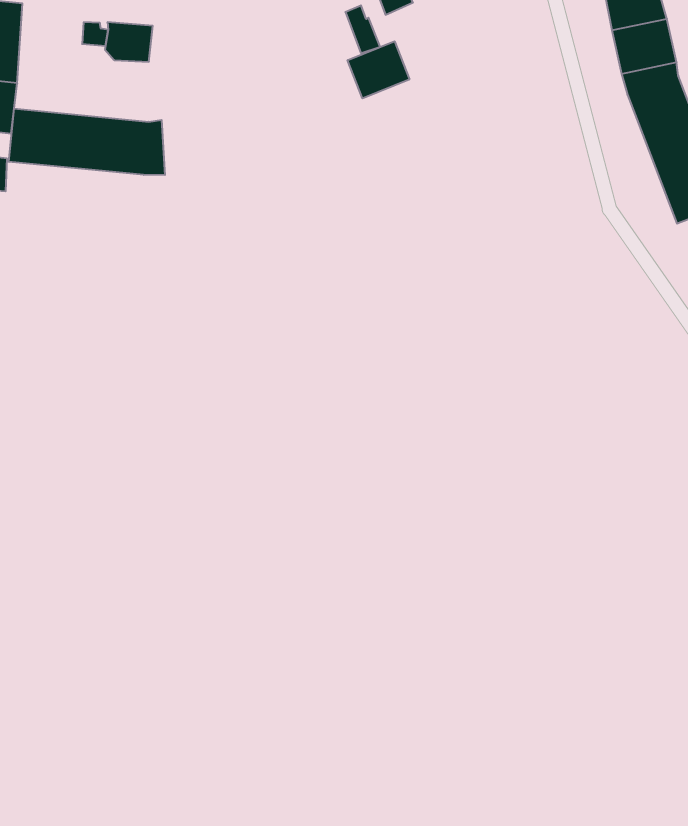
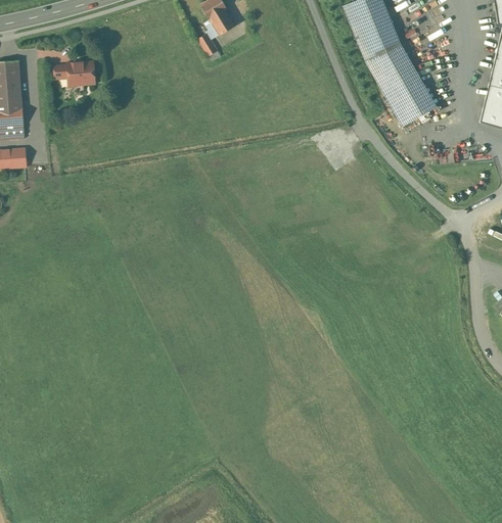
building: [348,41,409,98] -> none
building: [9,109,165,175] -> none

